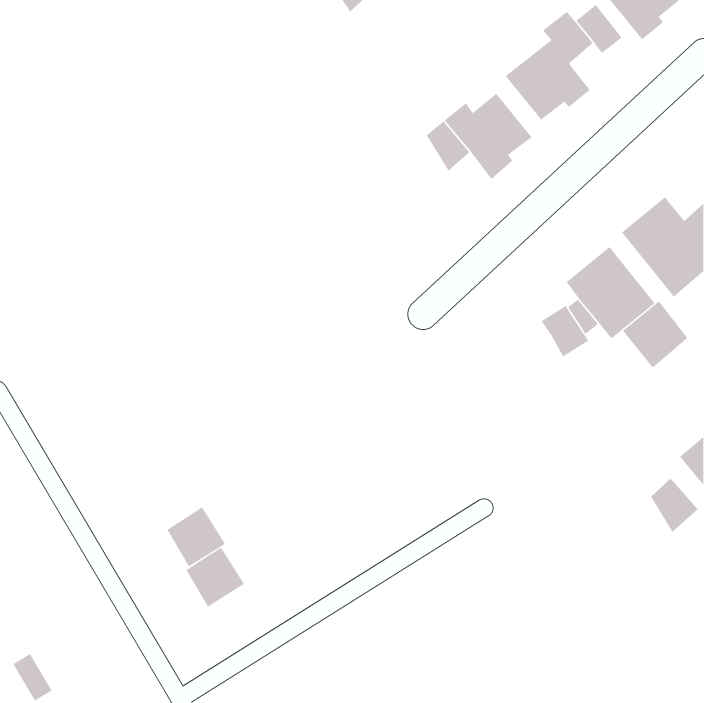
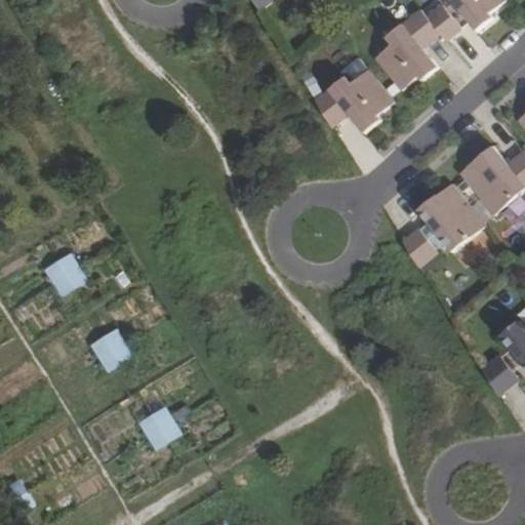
building: [622,301,688,368] -> none
building: none -> [41,249,86,294]
building: [166,506,226,567] -> [88,325,132,370]

